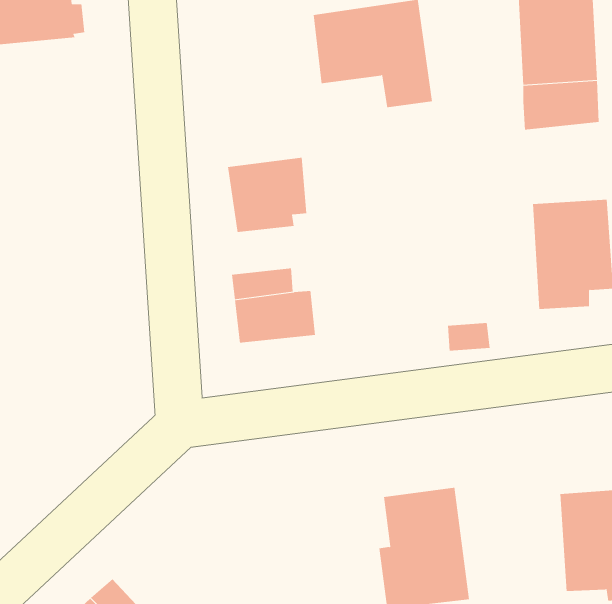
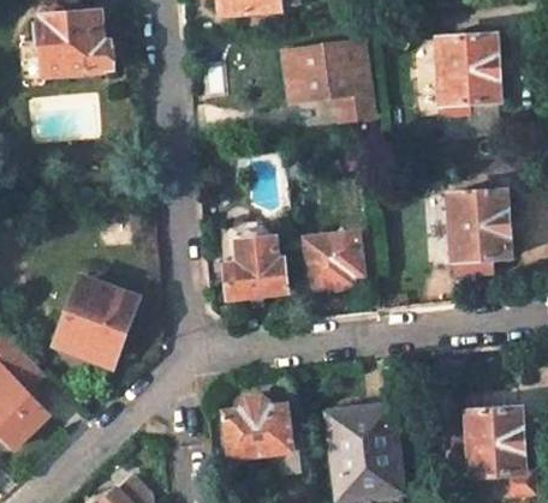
building: [227,157,307,233] -> [302,232,362,288]
building: none -> [60,283,133,359]
building: none -> [224,397,292,457]

